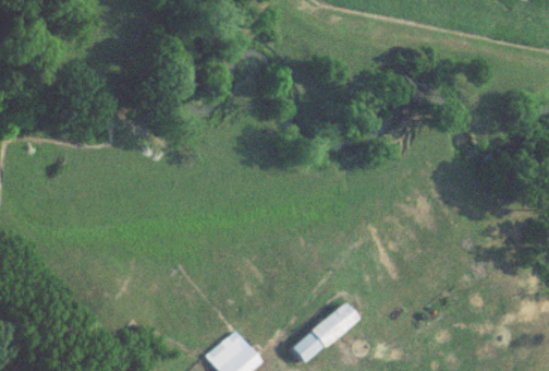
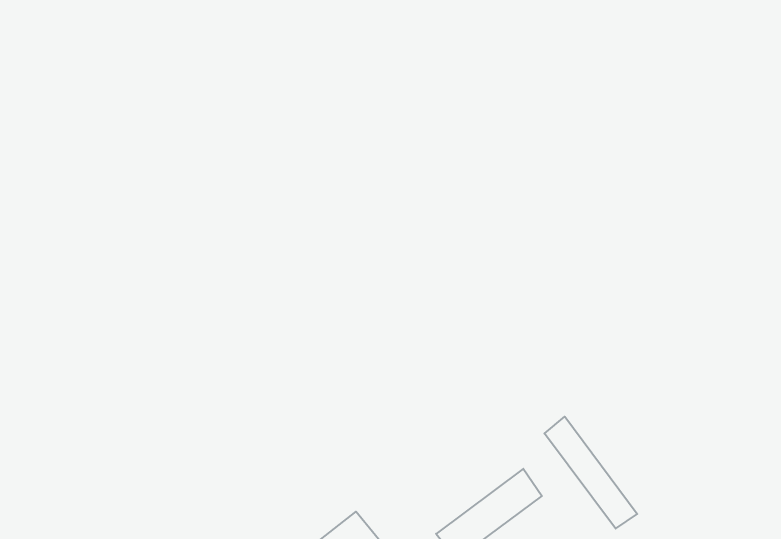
building: none -> [544,417,637,529]

